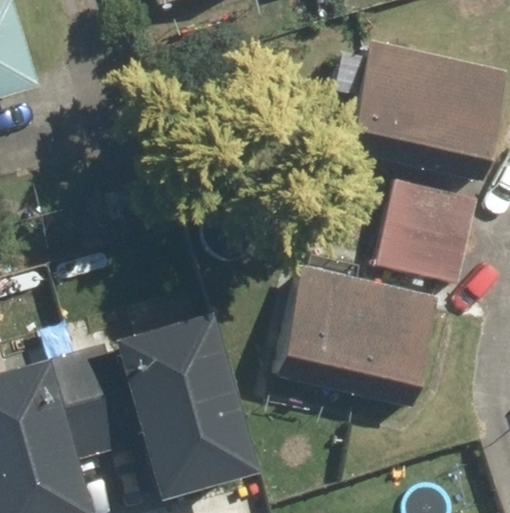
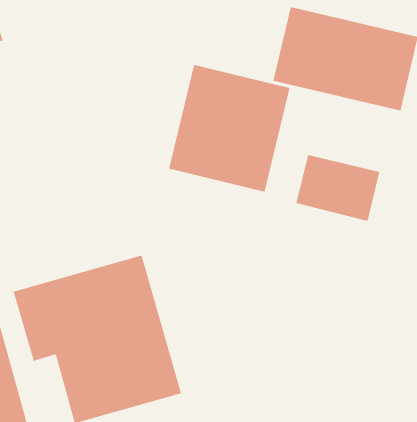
building: none -> [169,64,290,192]
building: [278,271,438,396] -> none

